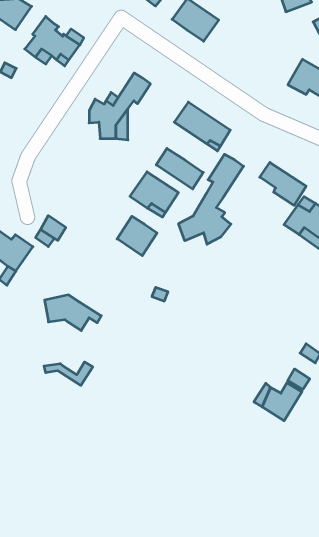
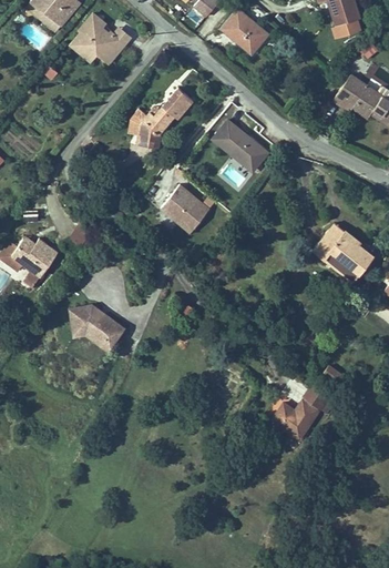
building: [156,148,203,189] -> none
building: [179,154,244,244] -> none
building: [260,162,306,205] -> none
building: [117,216,157,256] -> none
building: [44,362,93,385] -> [73,325,122,348]

